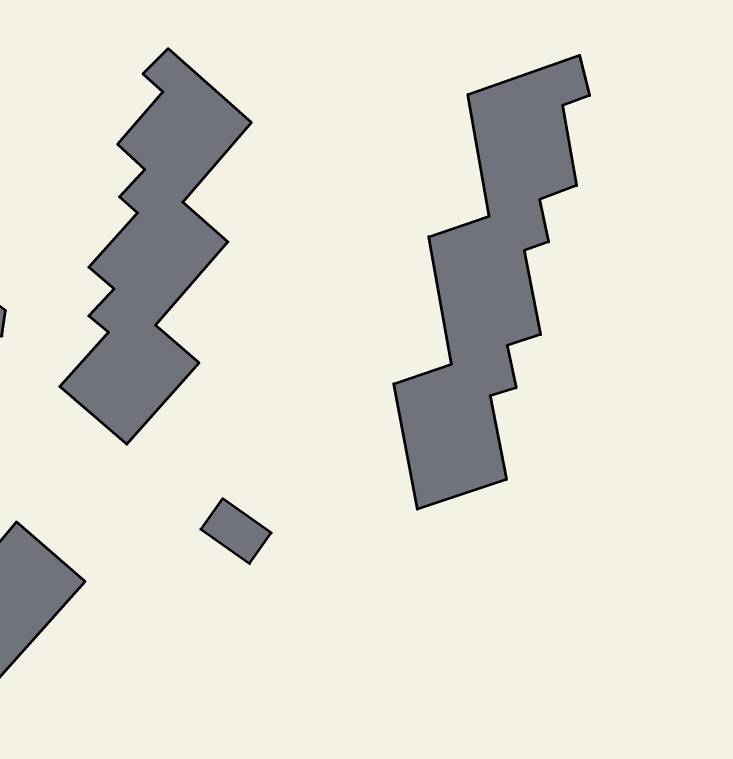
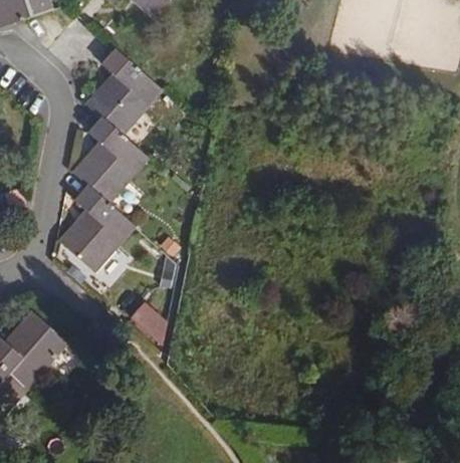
building: [394,55,590,509] -> none

